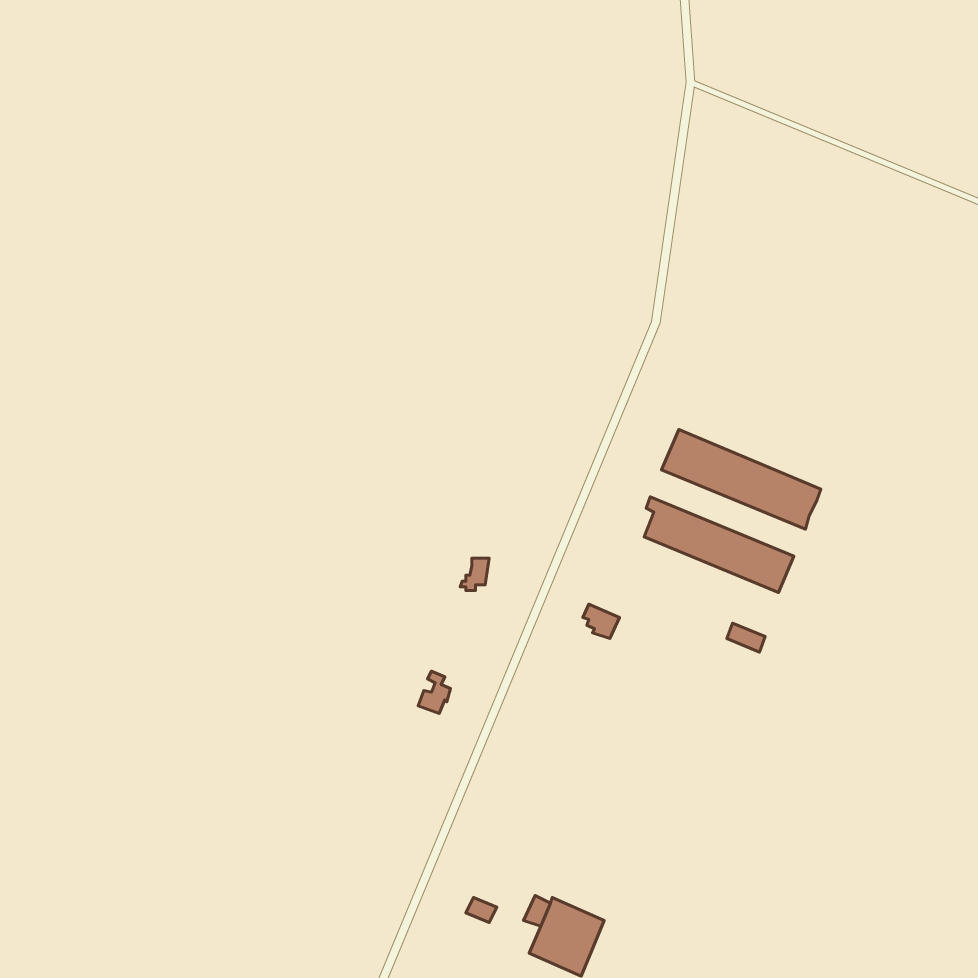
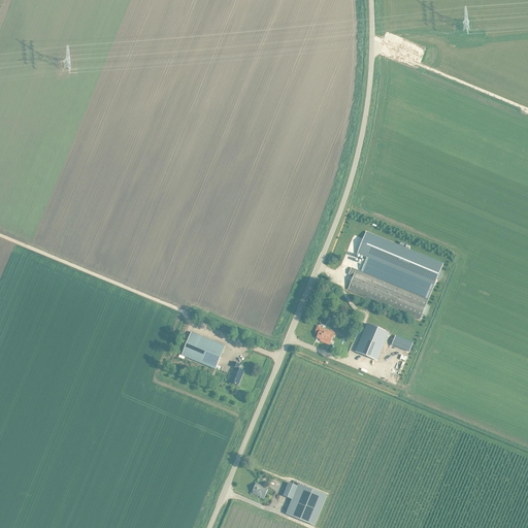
building: none -> [354,323,388,360]
building: none -> [180,331,224,368]

